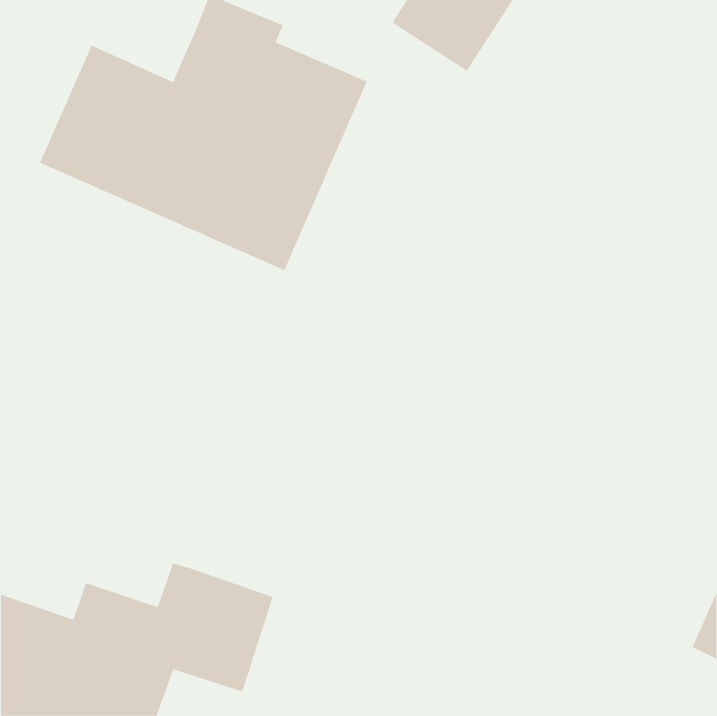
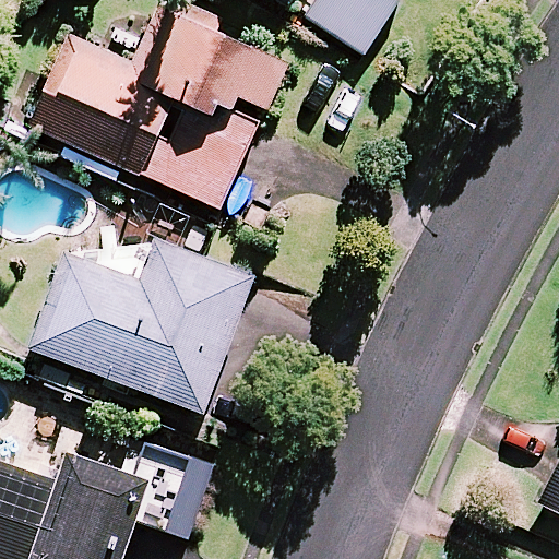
building: none -> [27,239,253,411]

